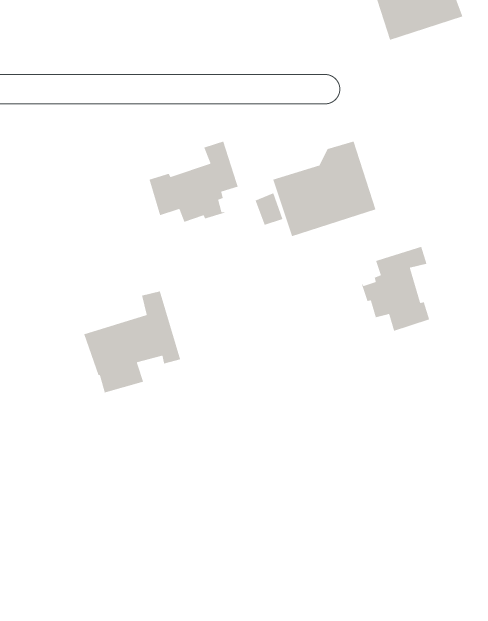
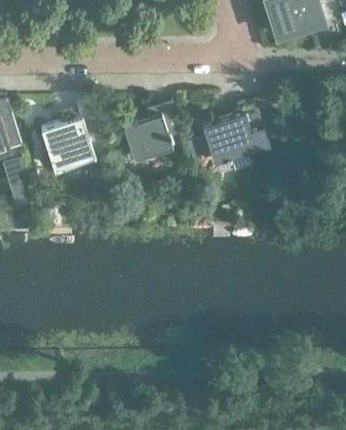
building: [361,246,430,332] -> none
building: [83,290,181,393] -> [41,105,104,170]

